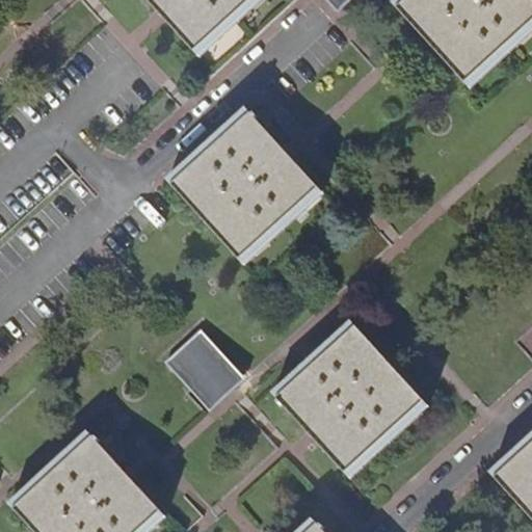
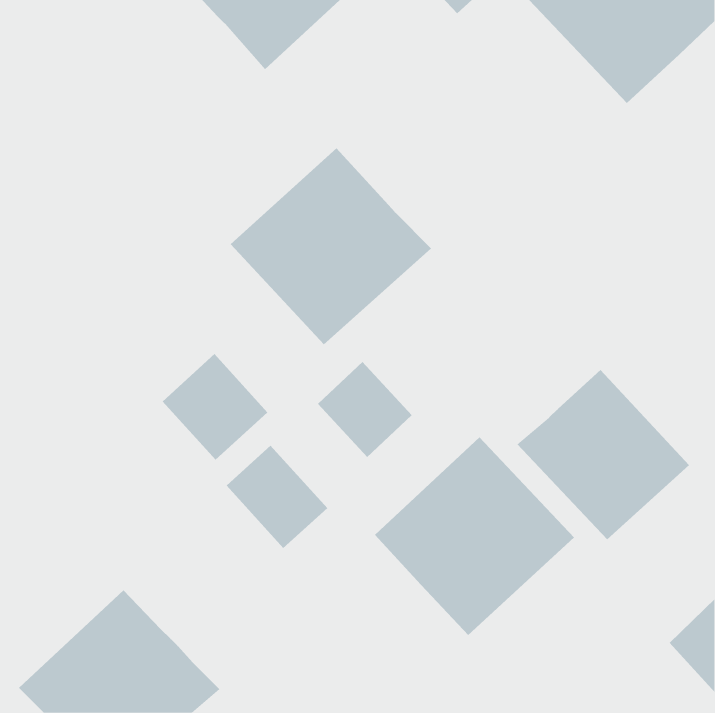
building: none -> [162,353,268,461]
building: none -> [317,361,413,458]
building: none -> [517,369,690,540]

